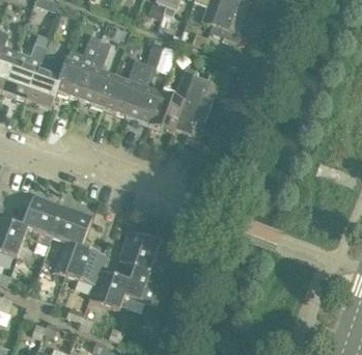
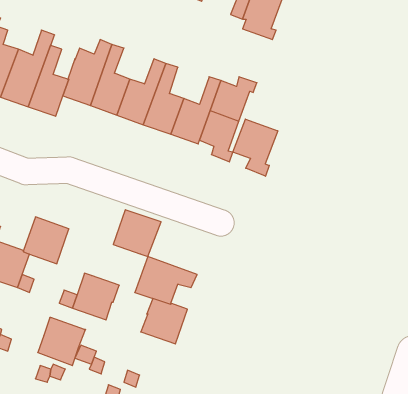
building: none -> [233,119,278,176]
building: [51,204,92,245] -> [113,210,161,256]
building: [88,268,130,309] -> [38,318,86,366]

